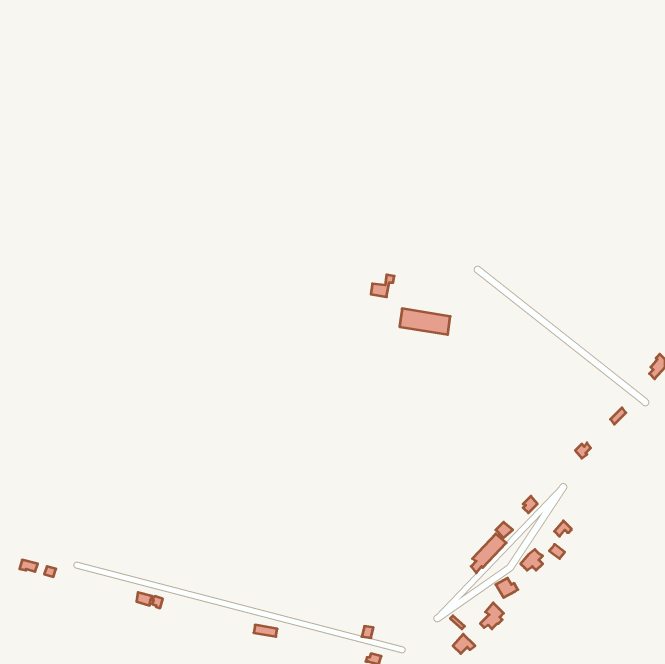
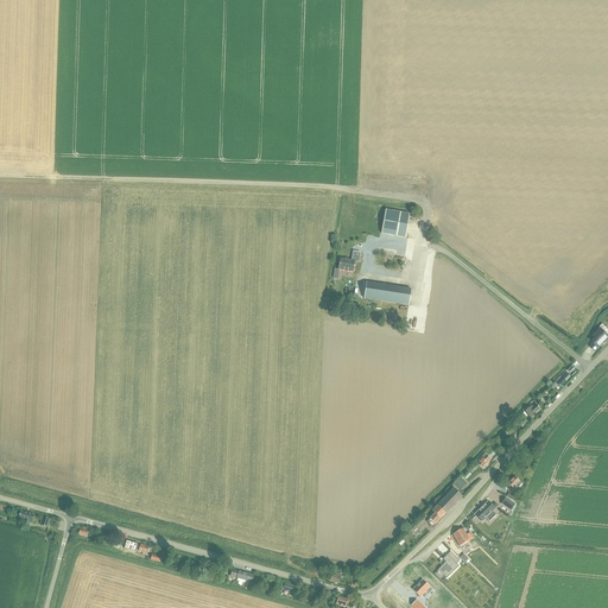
building: none -> [381,210,408,238]

